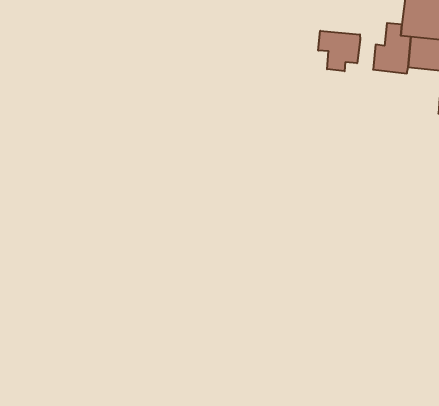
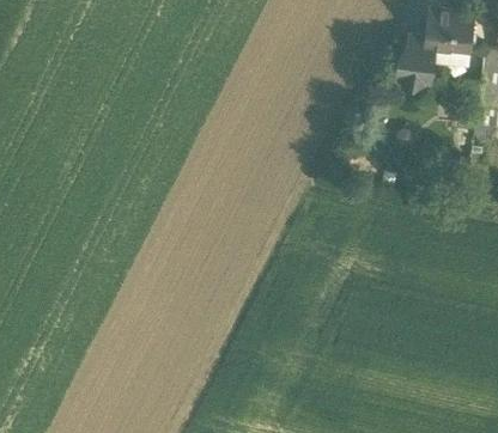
building: [318,31,360,71] -> none

